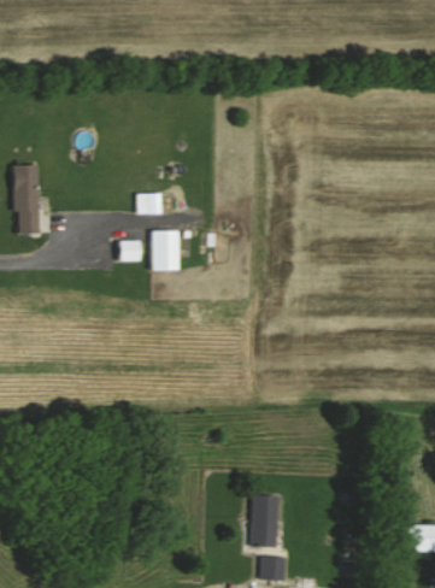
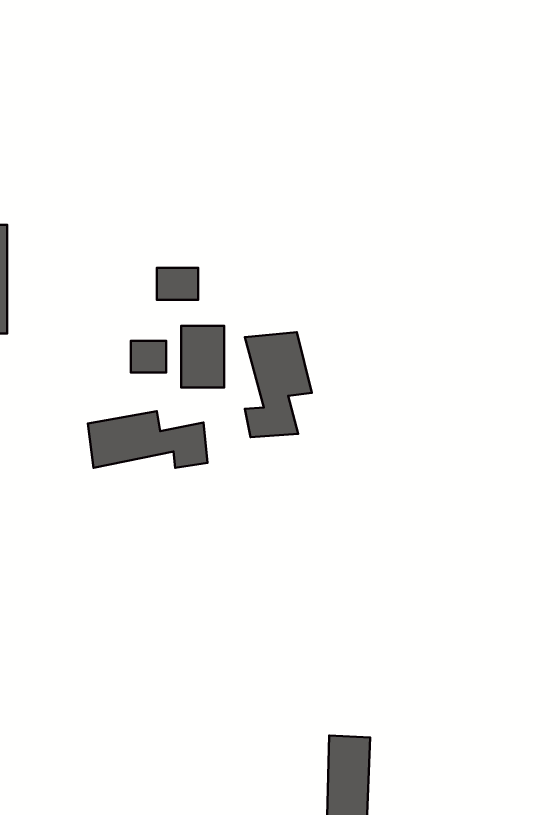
building: none -> [245,332,312,437]
building: none -> [88,411,207,468]

